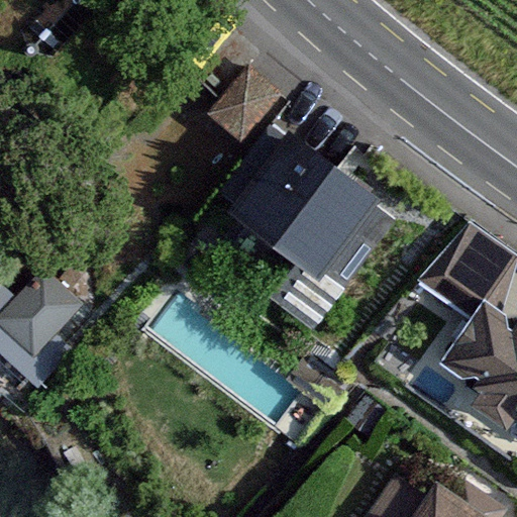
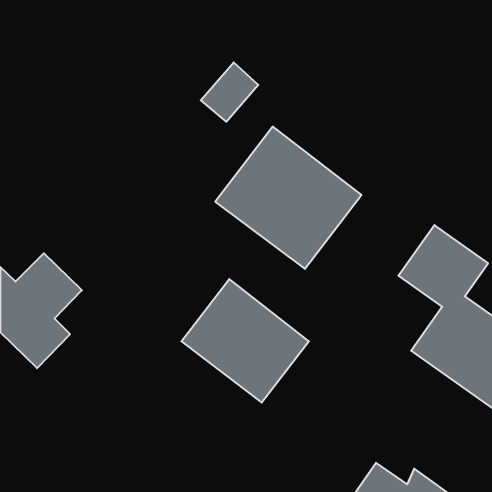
building: none -> [181,279,309,403]

